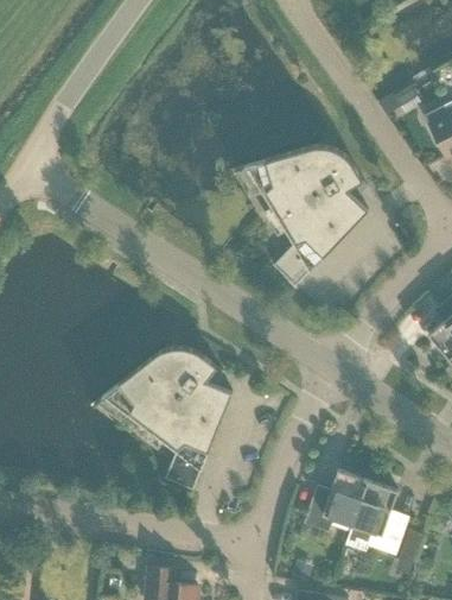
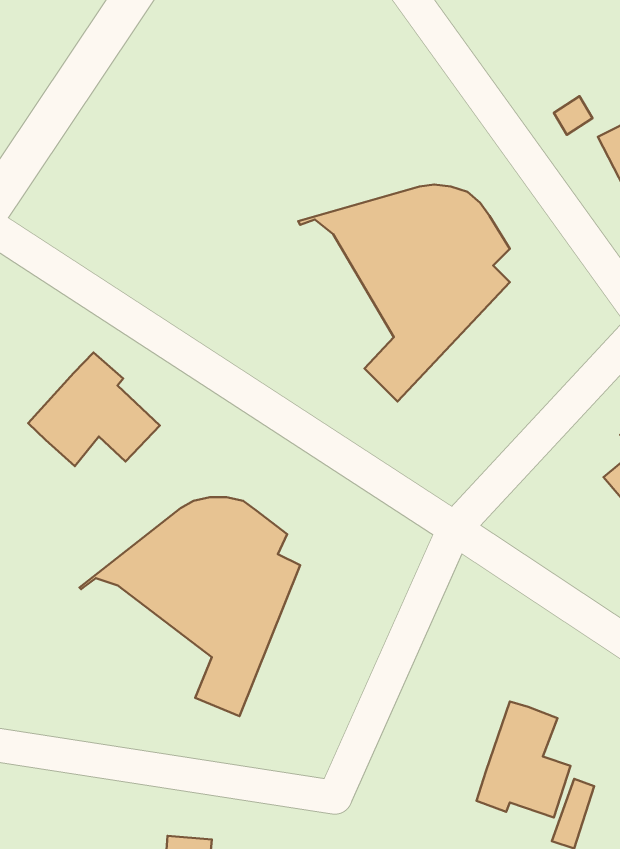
building: none -> [28,352,160,466]
building: [304,470,367,533] -> none

